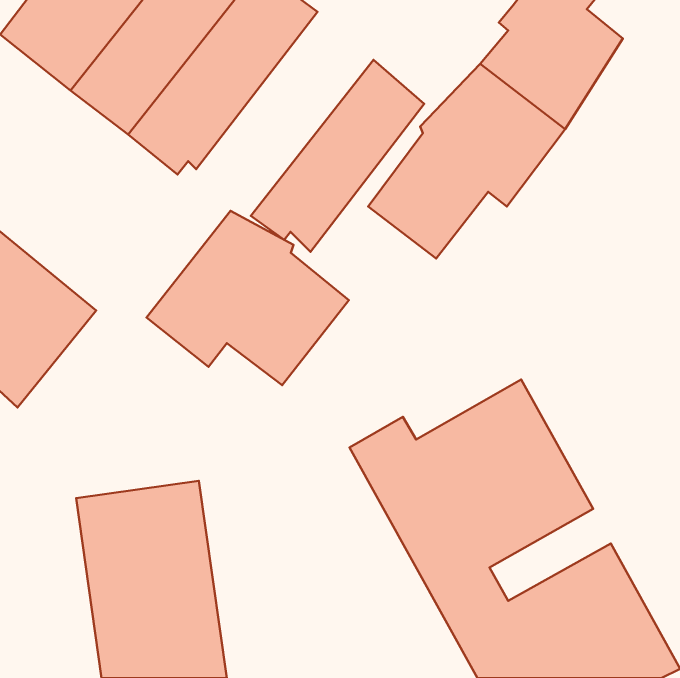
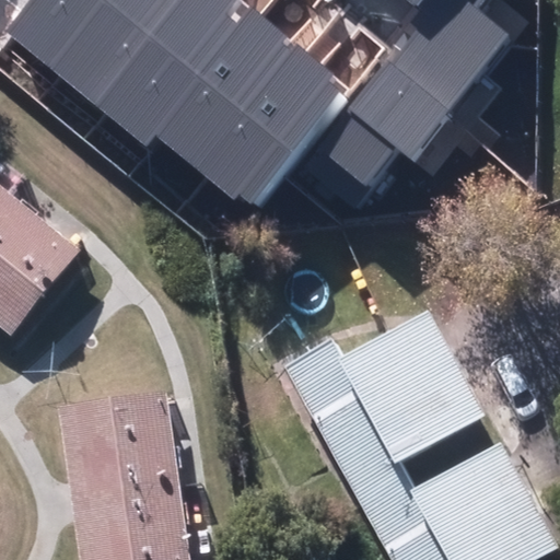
building: none -> [161,10,306,177]
building: [146,211,349,385] -> none

